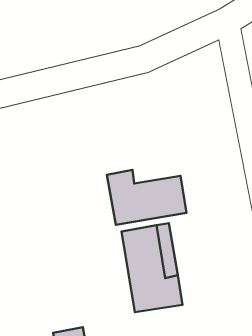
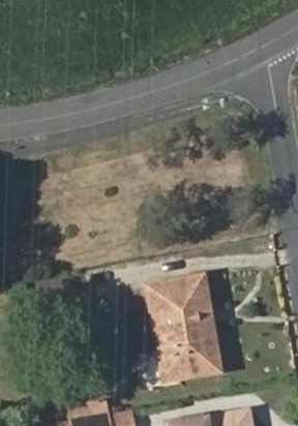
building: [107,170,186,225] -> none

